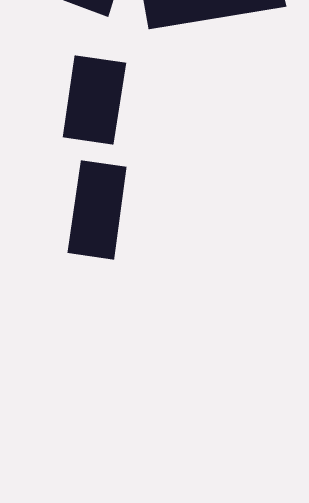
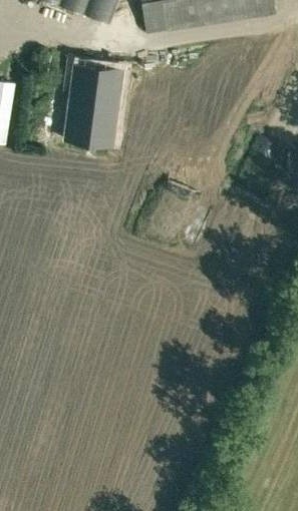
building: [67,159,127,260] -> none

